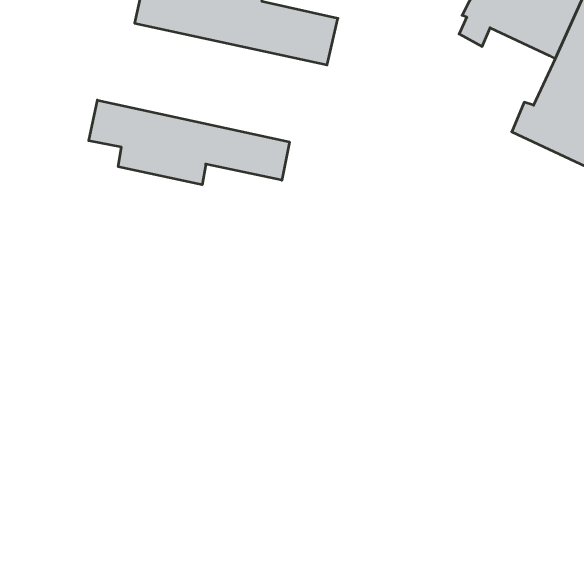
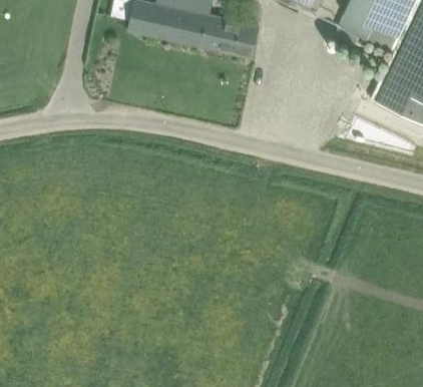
building: [89,100,289,185] -> none

